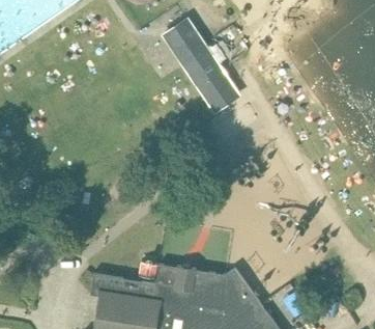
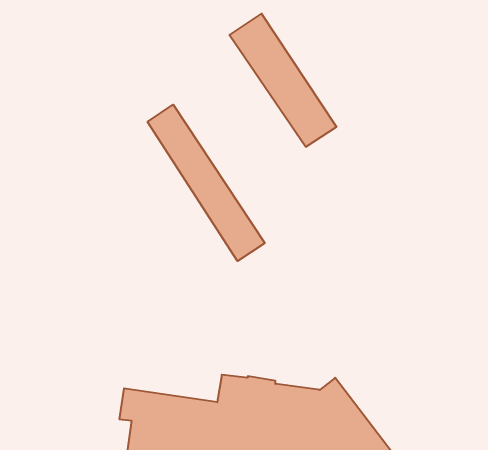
building: none -> [148,105,265,261]

